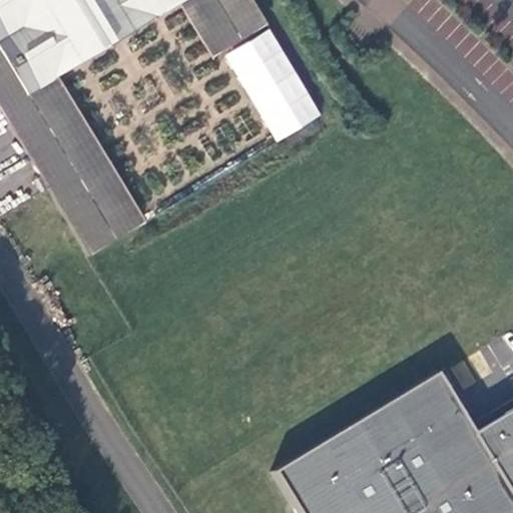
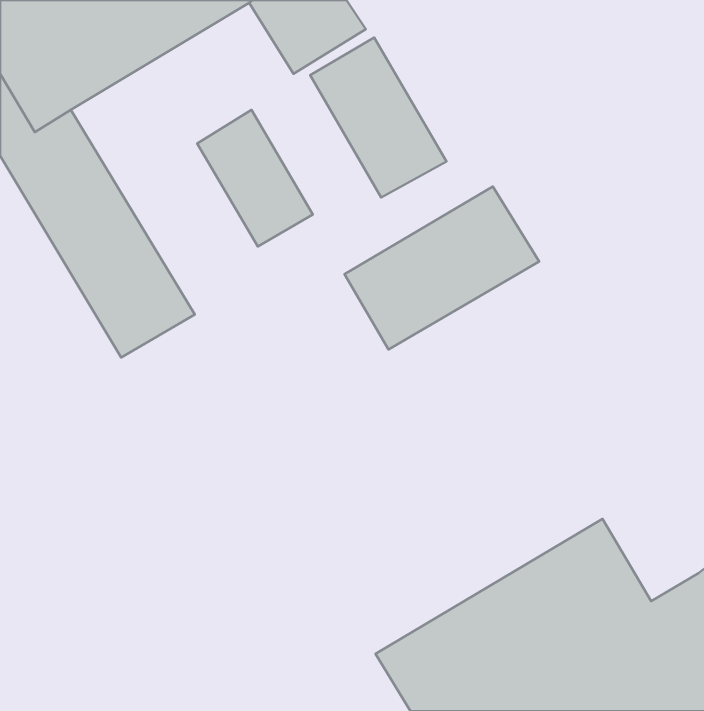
building: none -> [197,110,313,247]
building: none -> [344,187,539,350]

